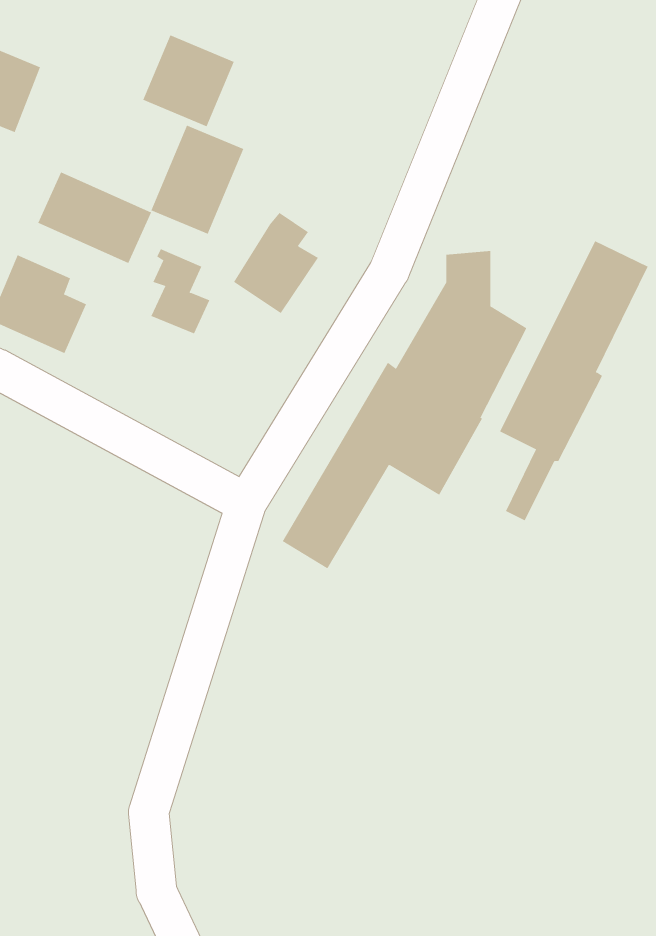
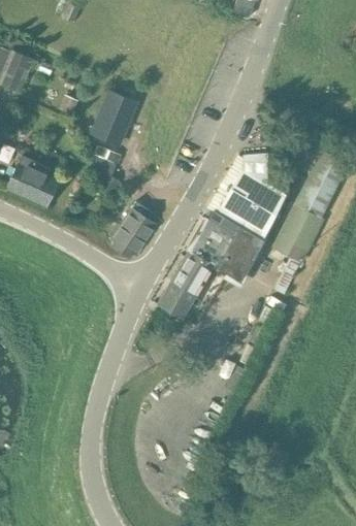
building: [143,34,234,127] -> none
building: [37,172,152,264] -> none
building: [233,212,319,314] -> [111,203,156,256]

